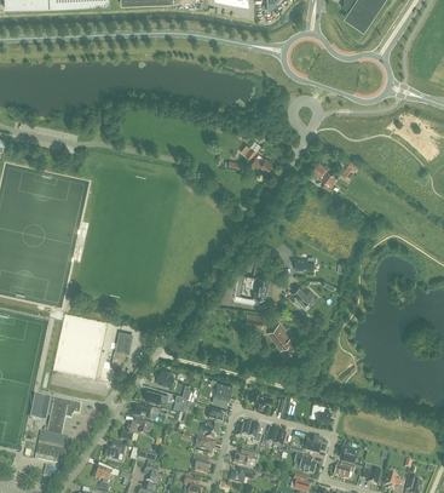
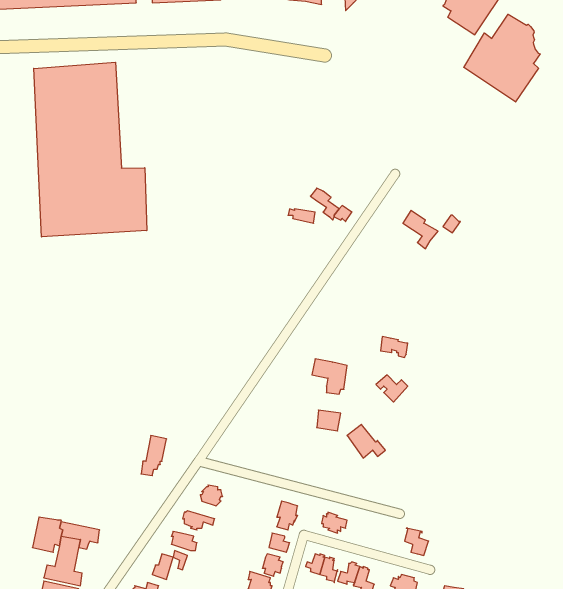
building: none -> [464,14,540,102]
building: none -> [34,62,147,237]

